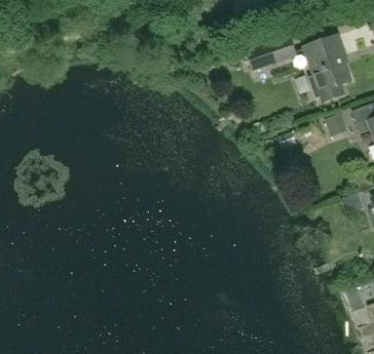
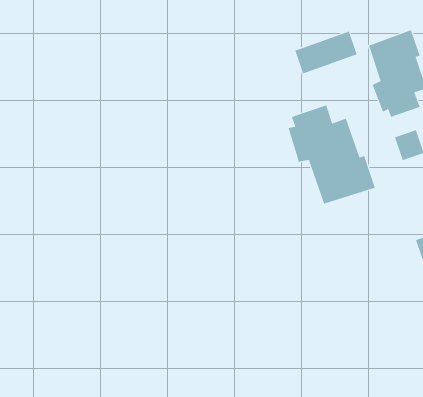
building: none -> [288,104,375,204]

